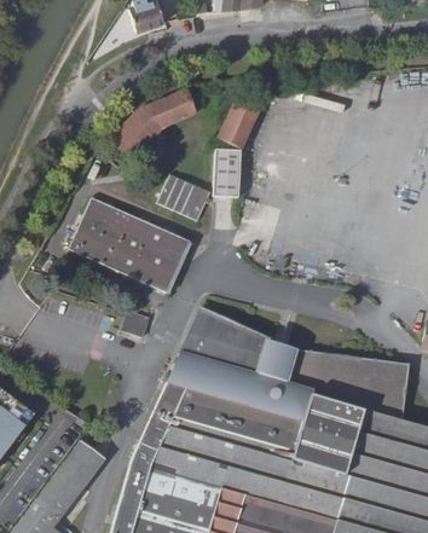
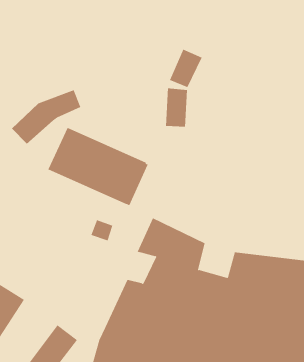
building: [109,91,195,158] -> [11,89,81,144]
building: [157,174,210,221] -> none
building: [254,340,297,382] -> none
building: [167,352,201,389] -> none

